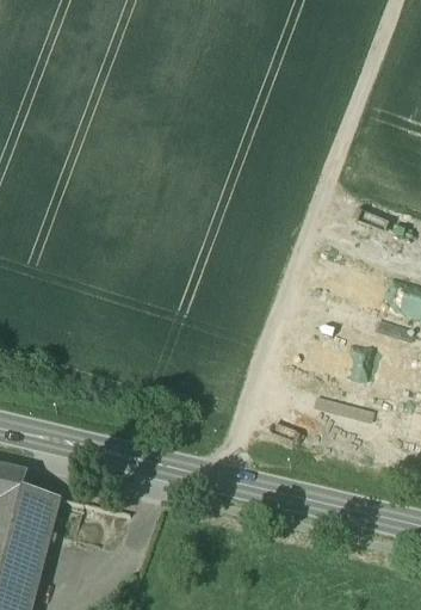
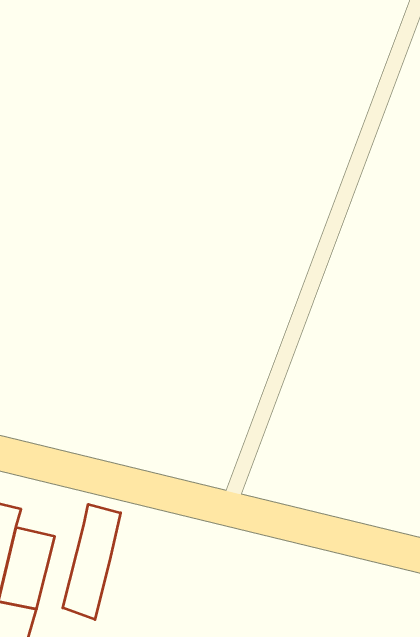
building: none -> [63,504,121,620]

